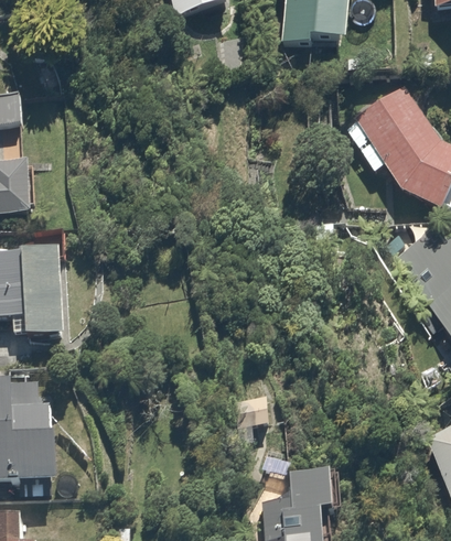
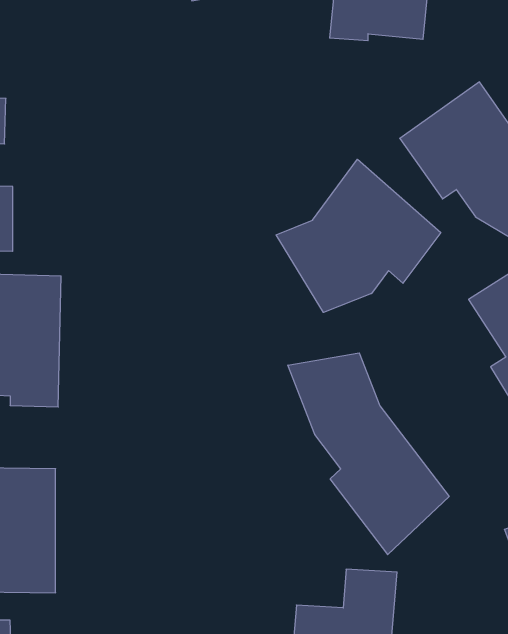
building: none -> [276,159,441,312]
building: none -> [288,353,449,555]

